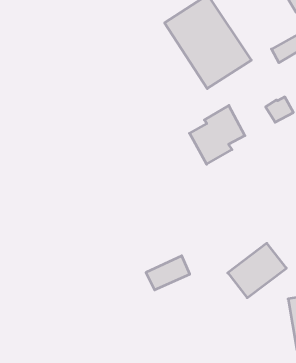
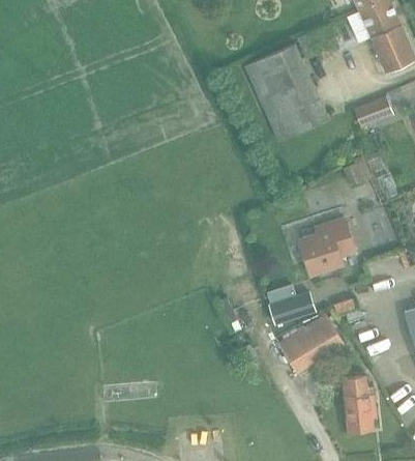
building: [189,105,245,164] -> [298,217,357,277]
building: [146,256,190,290] -> [267,291,314,324]

